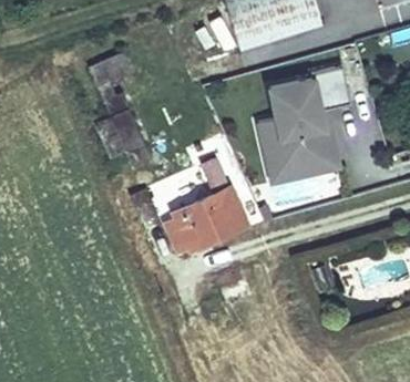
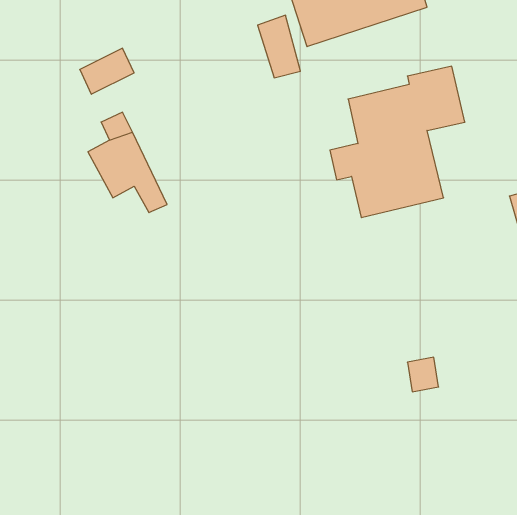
building: [265,141,340,185] -> none
building: [164,159,244,254] -> none

